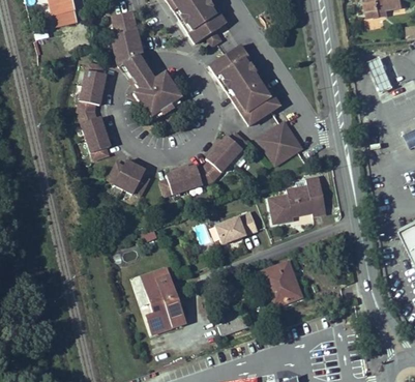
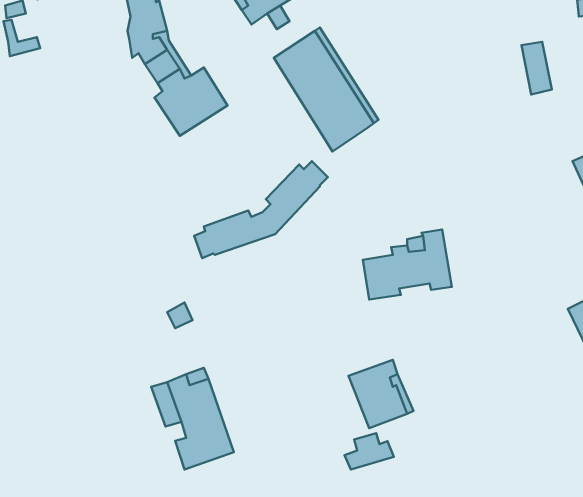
building: [77,62,109,158] -> none
building: [256,118,304,167] -> none
building: [106,159,146,196] -> none
building: [215,213,258,245] -> none
building: [217,312,249,335] -> [345,433,394,470]

